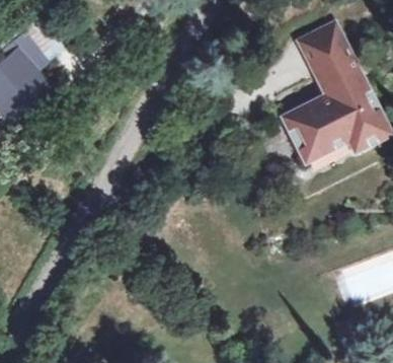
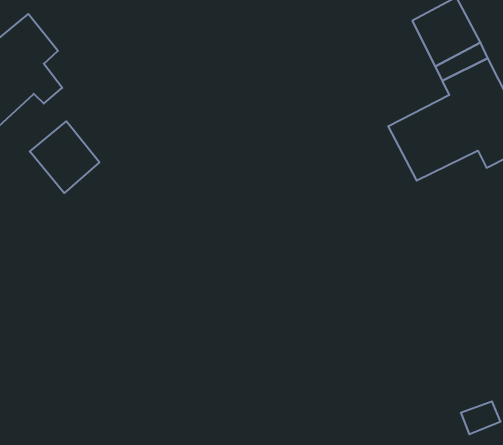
building: none -> [30,121,99,193]

